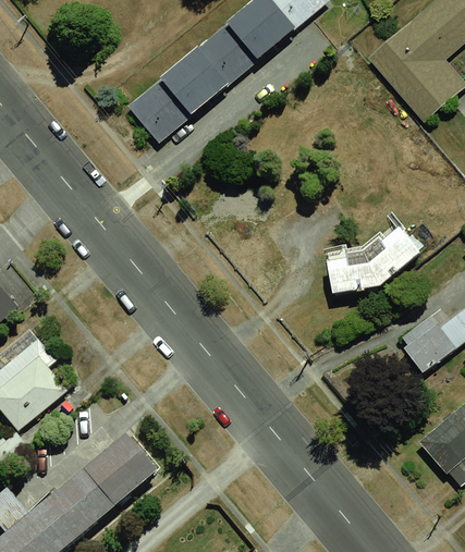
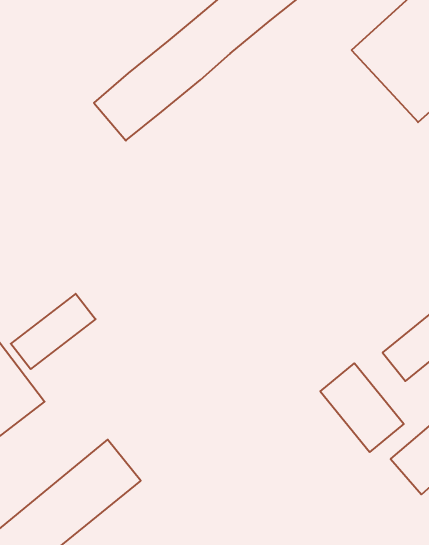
building: [325,209,435,294] -> none
building: none -> [11,294,96,369]
building: none -> [320,363,404,452]

